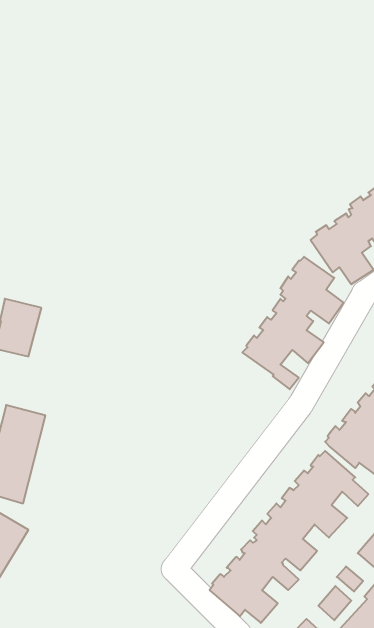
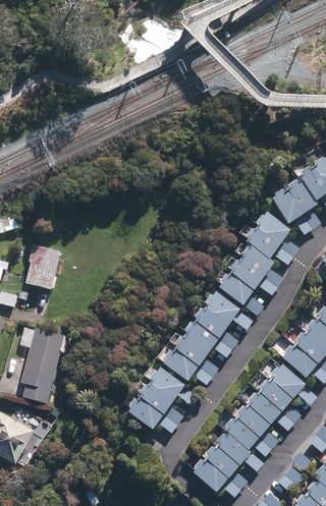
building: none -> [163,290,251,384]
building: none -> [127,366,196,432]

